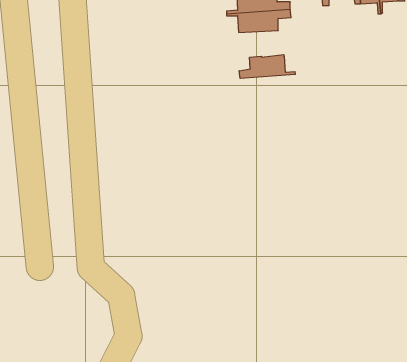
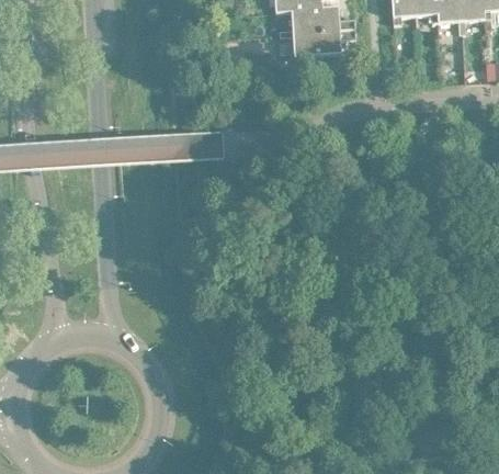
building: [239,55,295,78] -> none

